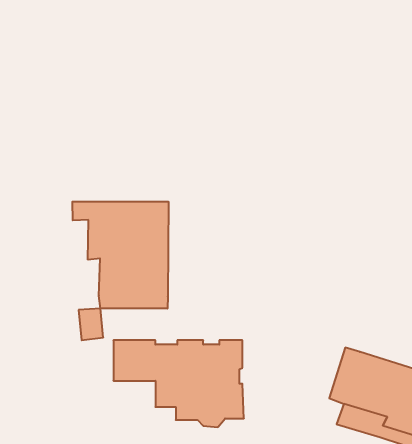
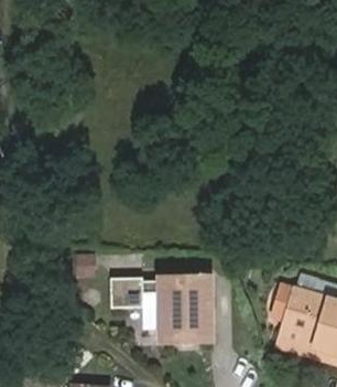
building: [72,202,168,309] -> none

